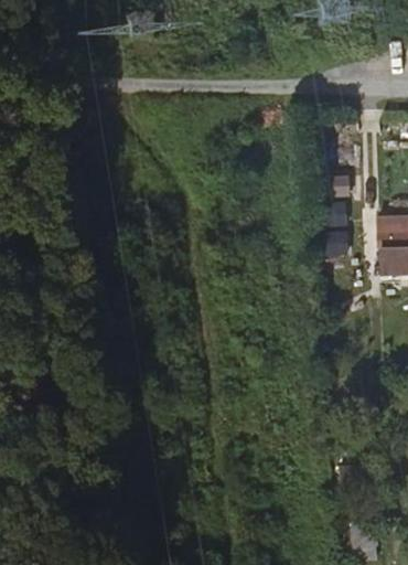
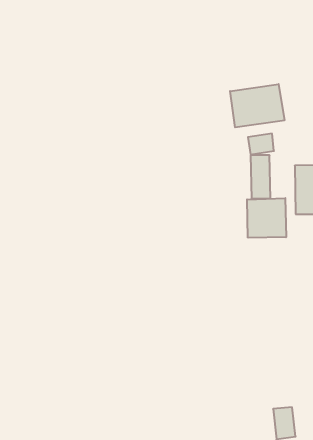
building: none -> [230,84,284,127]
building: none -> [247,198,286,238]

